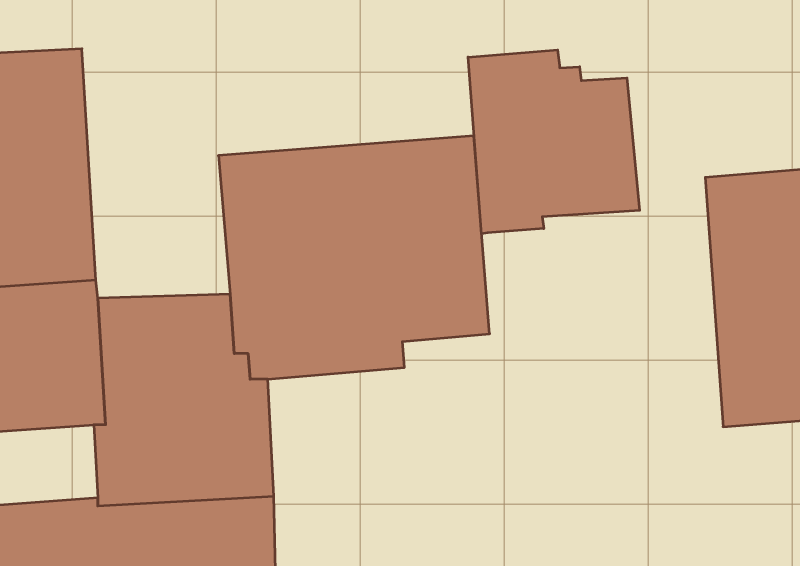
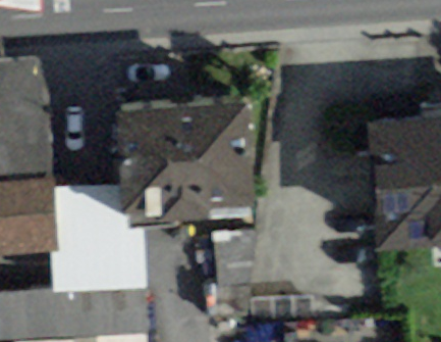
building: [468,50,640,234] -> none

